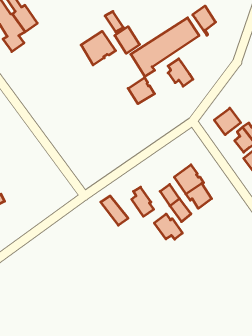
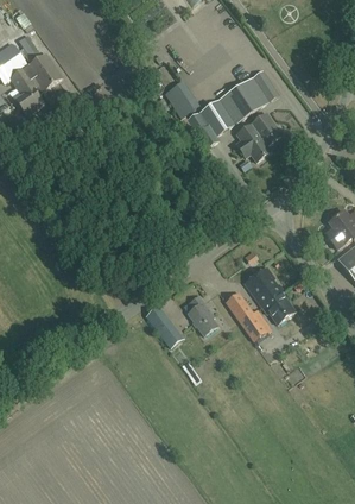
building: [193,6,216,35] -> [251,112,281,151]
building: [81,31,116,65] -> none
building: [128,77,155,104] -> none
building: [214,108,241,135] -> none
building: [154,214,182,239] -> none

